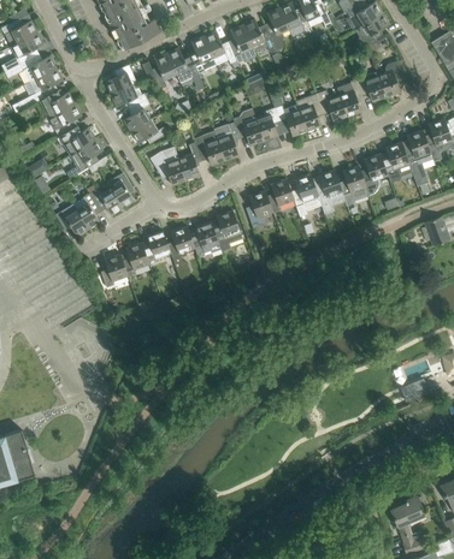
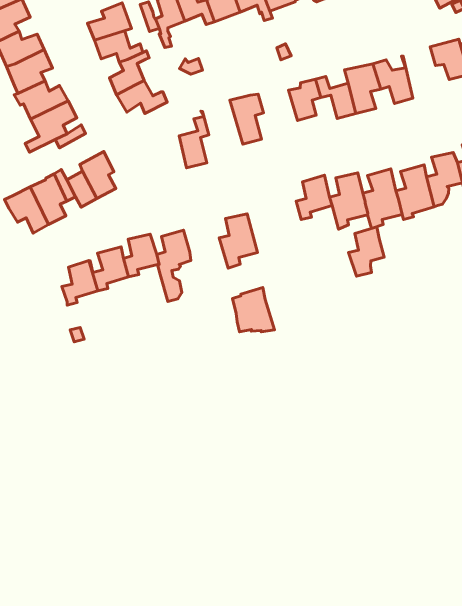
building: [336,79,360,118] -> none
building: [231,109,263,147] -> none
building: [193,130,224,166] -> none
building: [149,147,184,186] -> none
building: [244,191,271,228] -> [348,227,384,276]
building: [188,222,220,256] -> [232,288,274,332]

